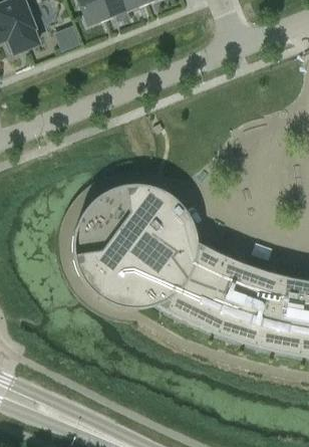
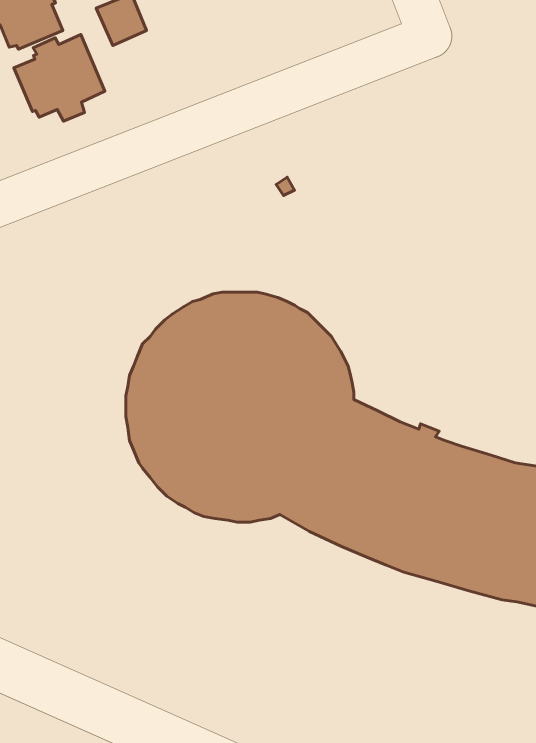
building: none -> [14,35,105,121]

